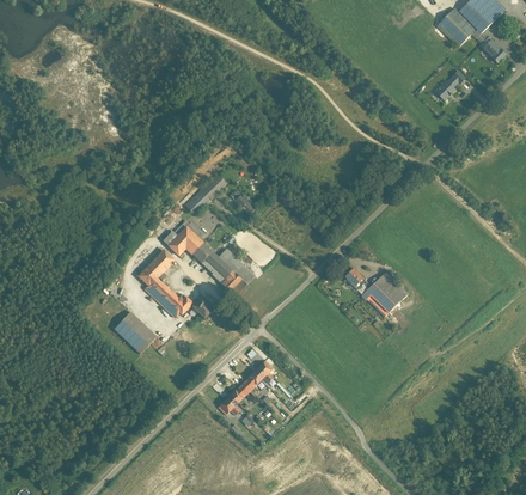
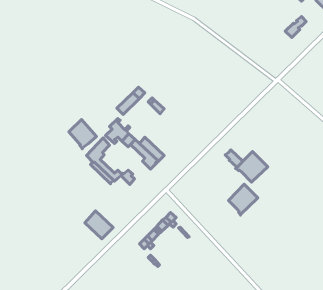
building: none -> [69,120,96,149]
building: [114,312,155,354] -> [85,211,113,239]
building: none -> [228,184,258,215]

